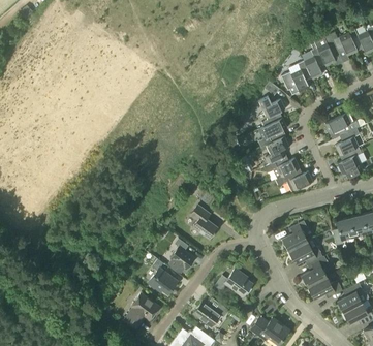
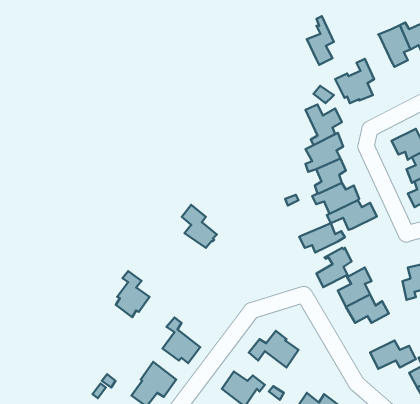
building: [303,43,323,81] -> [307,16,334,65]
building: none -> [299,223,345,252]
building: [190,206,217,239] -> [182,205,217,248]
building: [168,239,194,274] -> [116,271,150,317]
building: [302,256,329,286] -> [316,248,351,287]

